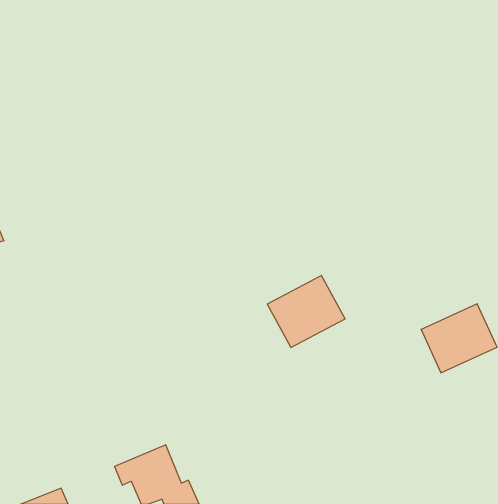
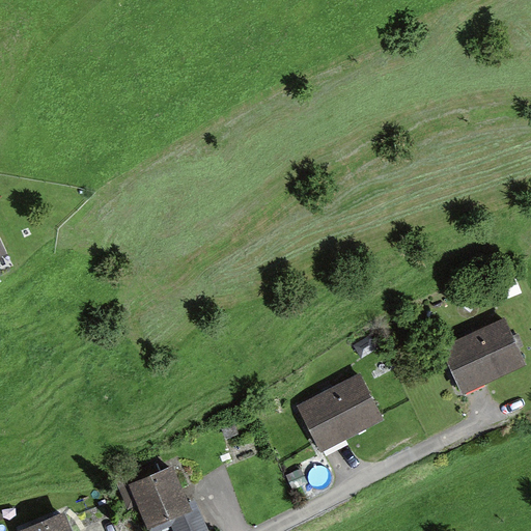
building: [267,276,345,348] -> [300,373,382,449]

